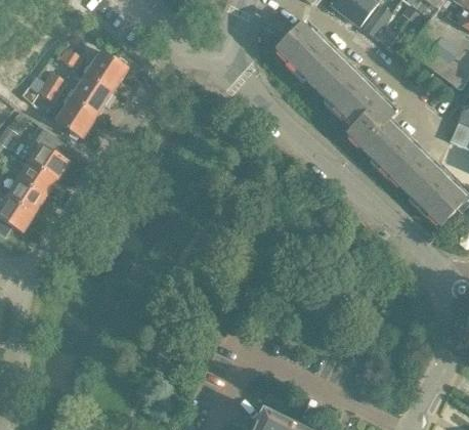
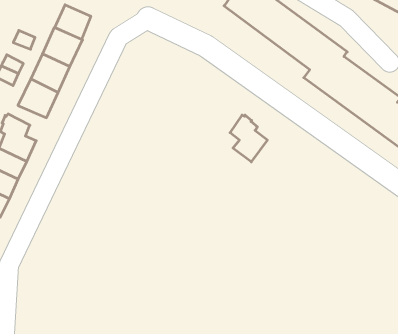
building: none -> [55,5,91,39]
building: none -> [230,115,267,162]

